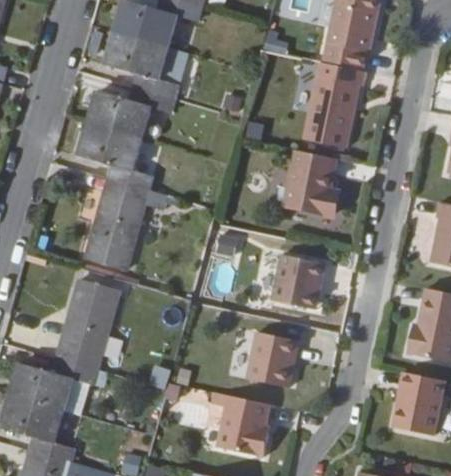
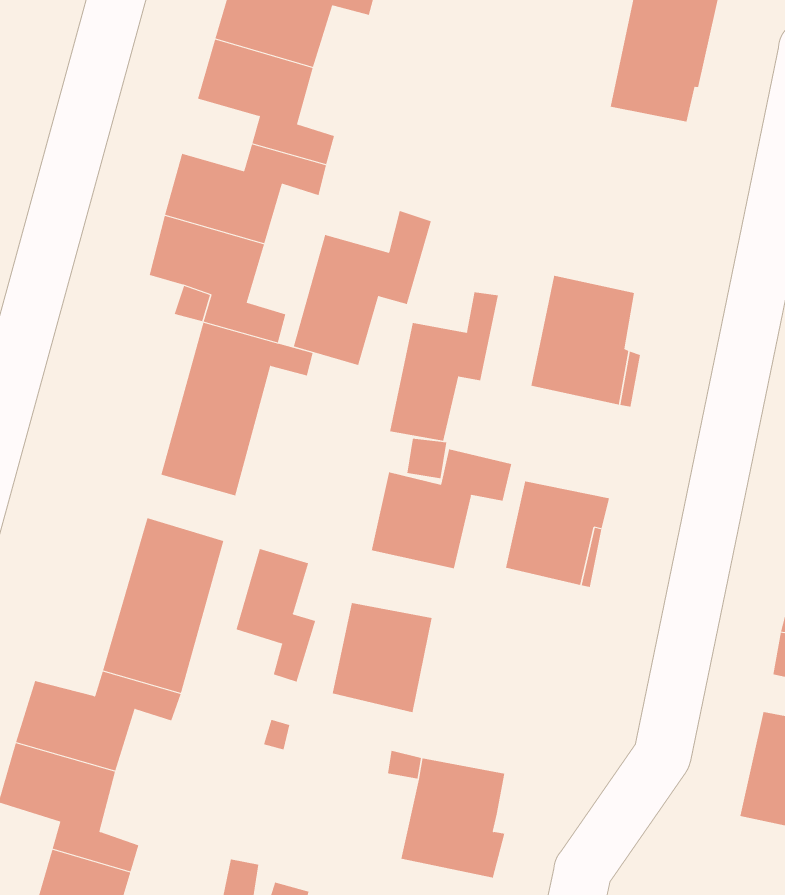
building: [302,61,365,147] -> none
building: none -> [293,210,432,366]
building: none -> [389,292,499,442]
building: none -> [371,448,512,569]
building: none -> [236,548,316,682]
building: [245,334,297,391] -> [332,602,433,713]

